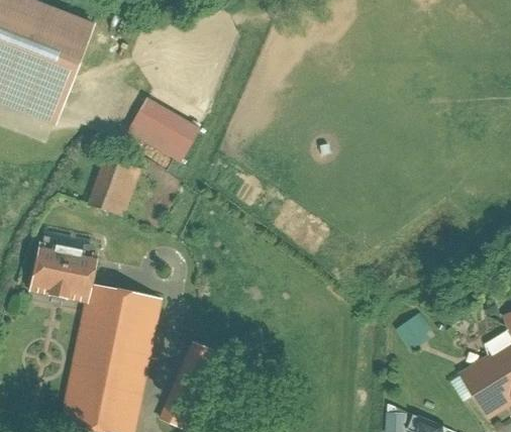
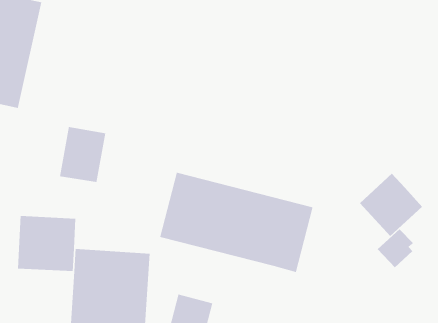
building: [126,97,202,164] -> none
building: none -> [160,172,313,273]
building: none -> [359,173,423,237]

